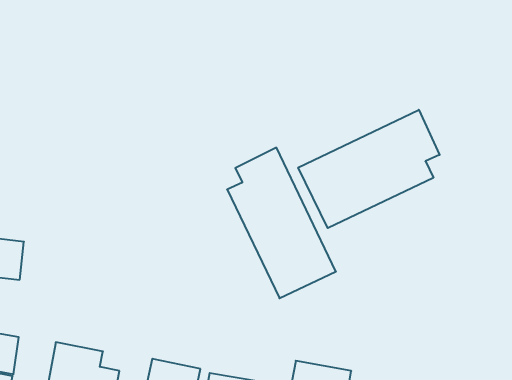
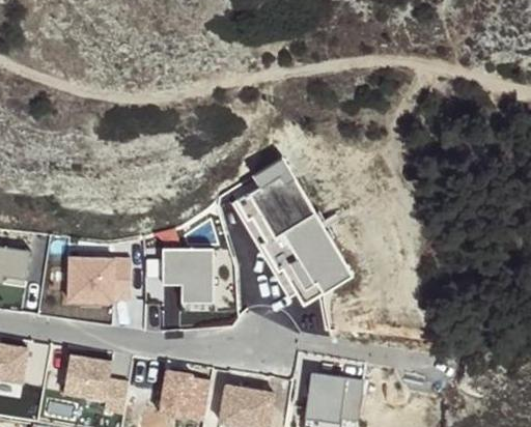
building: [298,110,440,228] -> none
building: none -> [160,249,218,305]
building: none -> [65,257,134,305]

